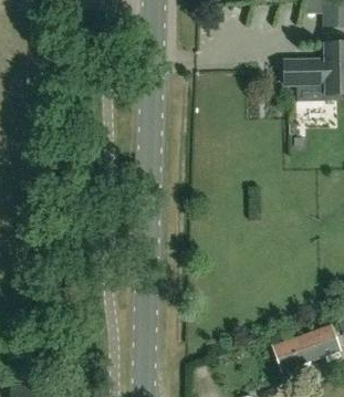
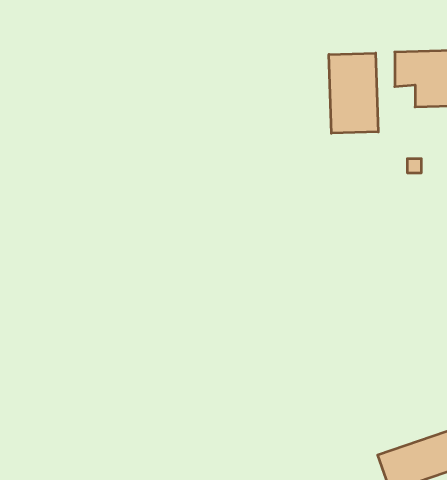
building: none -> [329,53,378,133]

